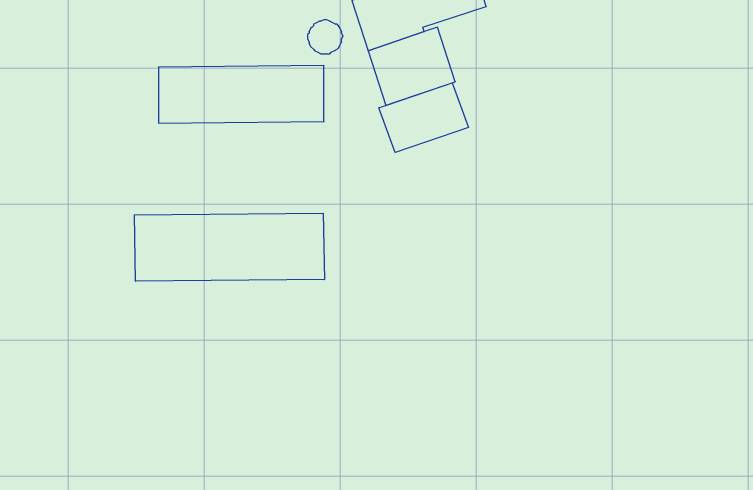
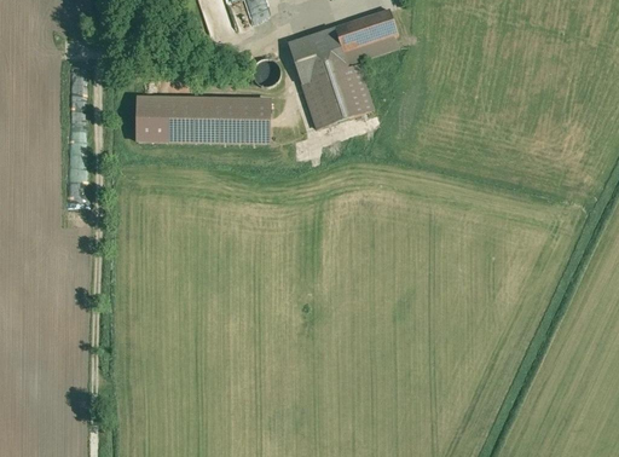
building: [379,83,468,152] -> none
building: [134,213,324,281] -> none

